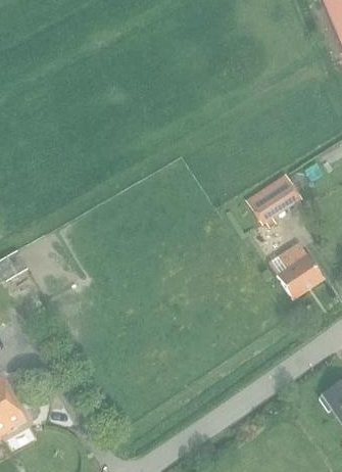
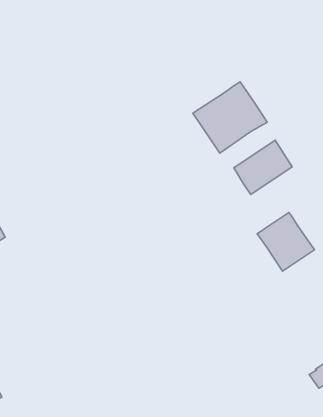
building: none -> [193,82,267,153]

